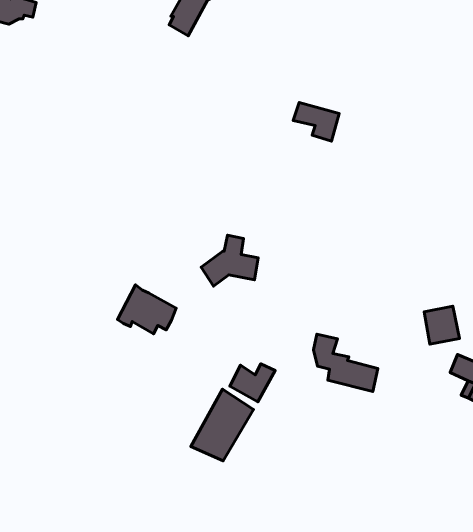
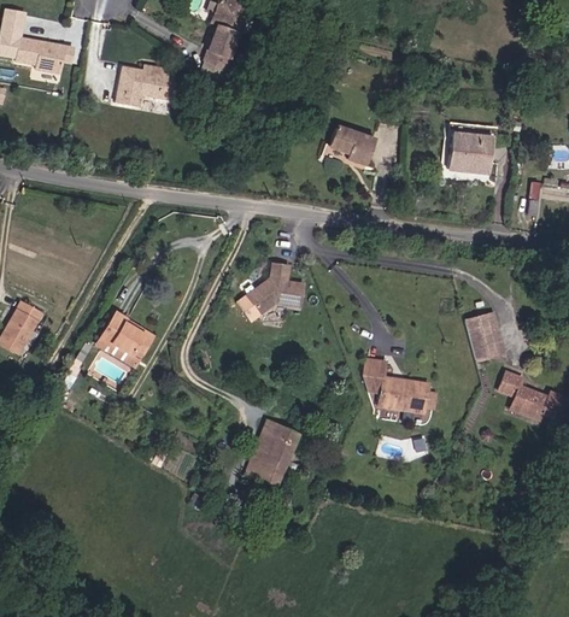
building: none -> [113,64,174,107]
building: none -> [444,135,492,178]
building: [117,285,176,334] -> [92,313,148,360]
building: [230,364,275,402] -> none

